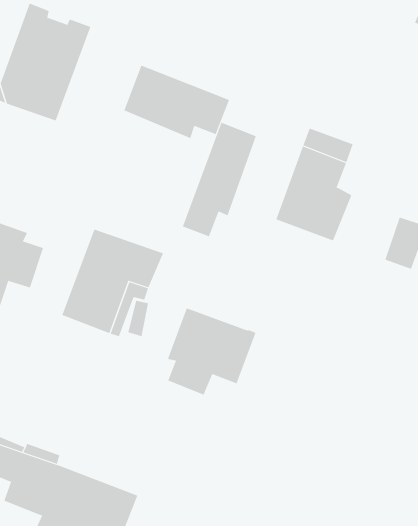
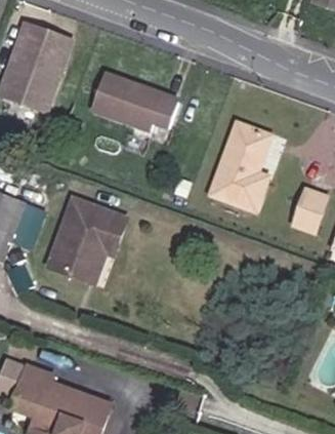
building: [182,122,257,237] -> none
building: [167,307,256,396] -> none

